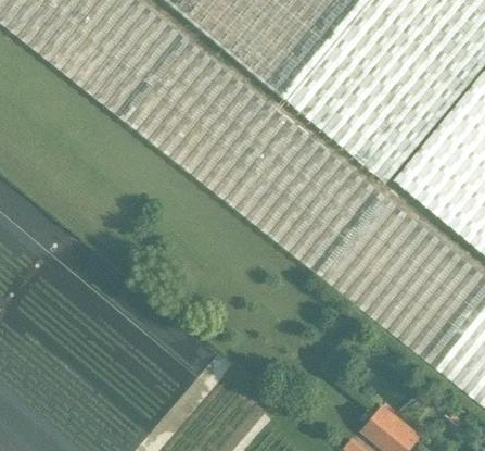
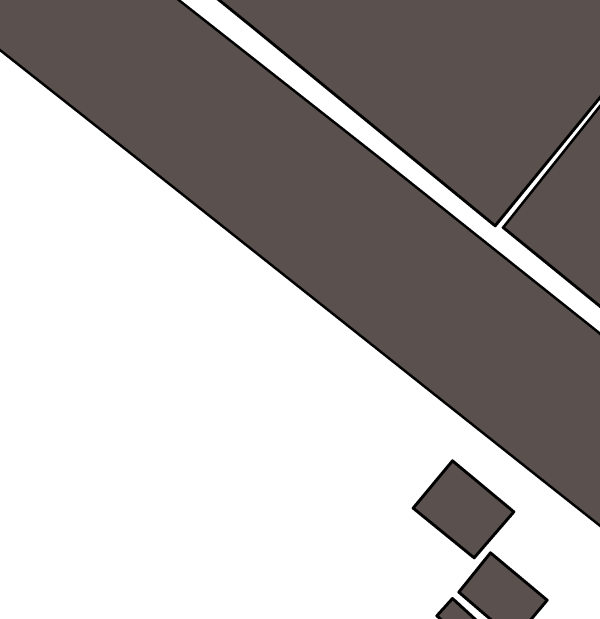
building: none -> [413,461,514,558]

